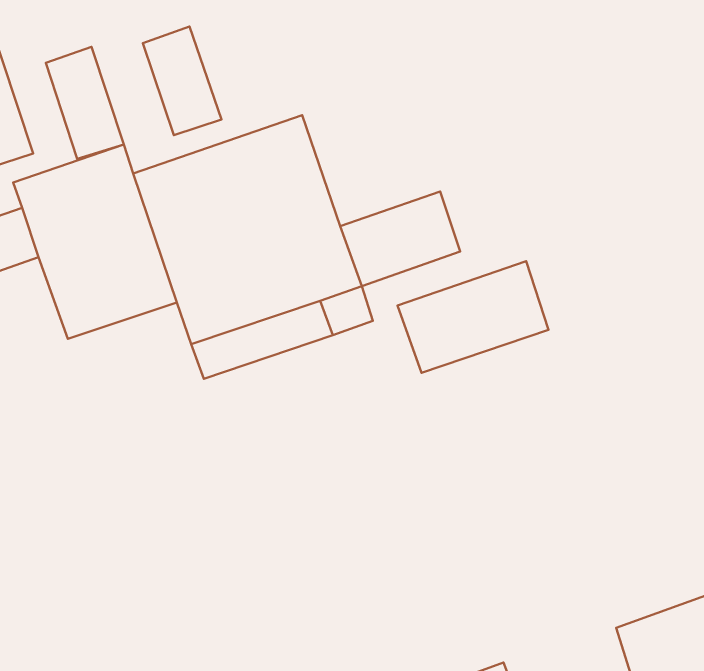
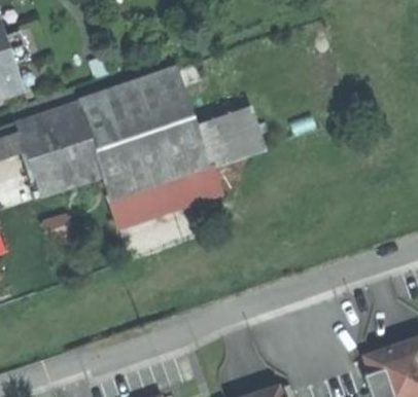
building: [143,26,222,135] -> none
building: [46,47,124,159] -> none
building: [397,261,548,373] -> none

